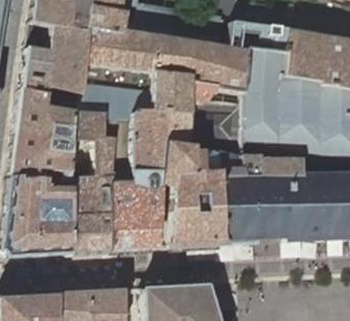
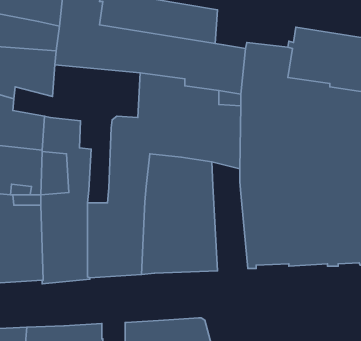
building: [226,22,289,53] -> none
building: [76,67,154,186] -> none
building: [216,151,248,245] -> none

